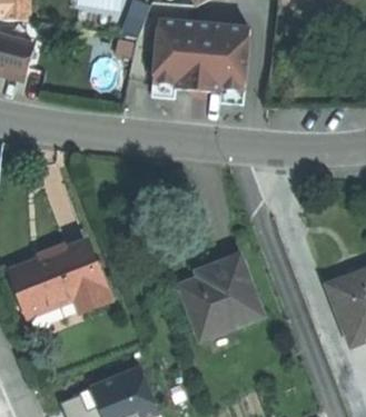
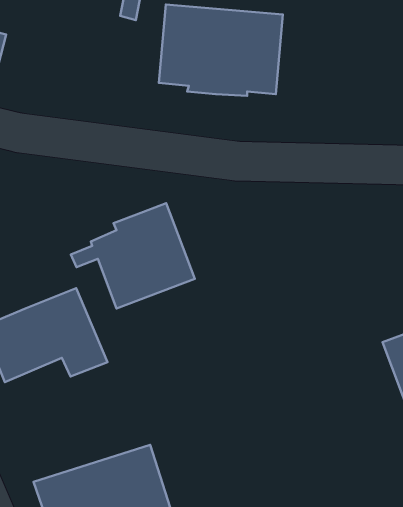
building: [164,254,260,336] -> [71,203,195,309]

